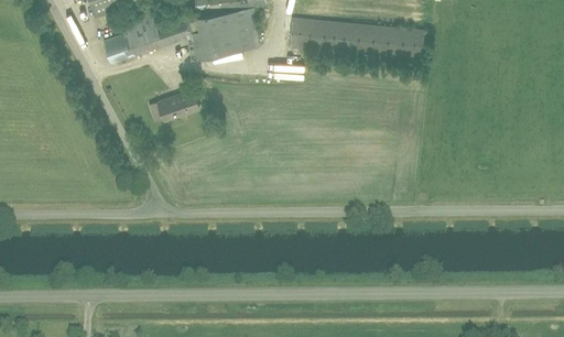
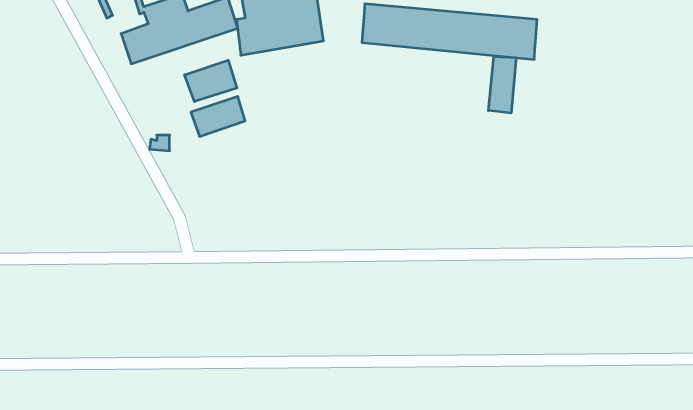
building: none -> [488,57,516,113]
building: none -> [185,60,237,102]

